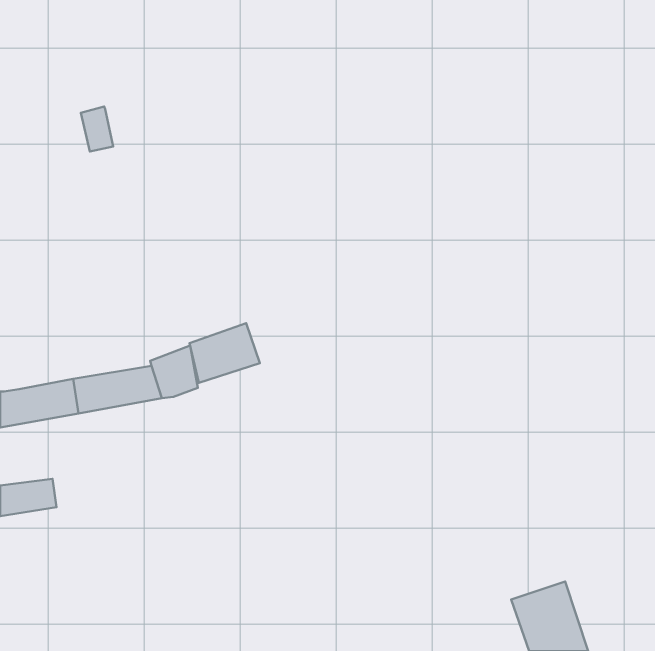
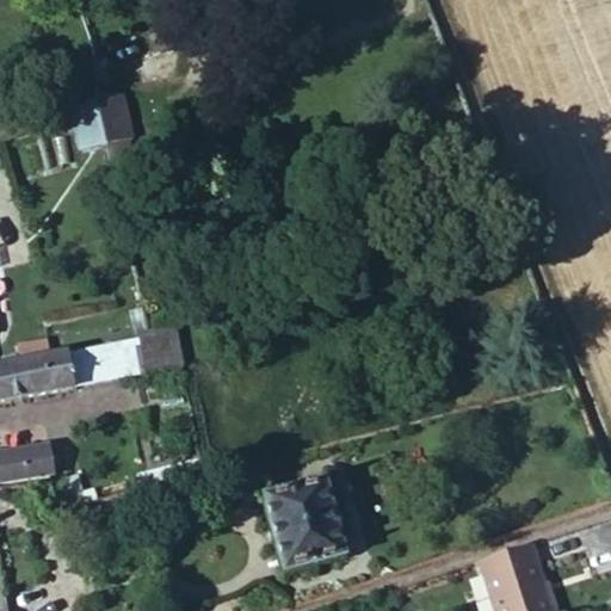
building: none -> [99,95,134,143]
building: [190,323,260,383] -> none
building: none -> [265,476,347,569]

